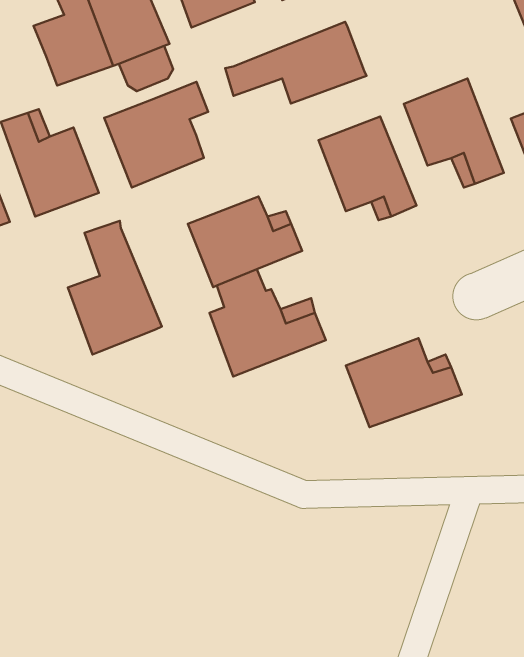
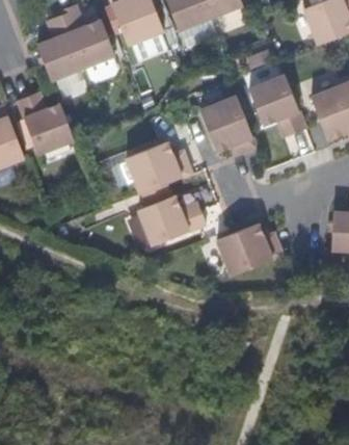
building: [225,22,367,104] -> none
building: [104,82,208,188] -> none
building: [68,221,162,355] -> none

